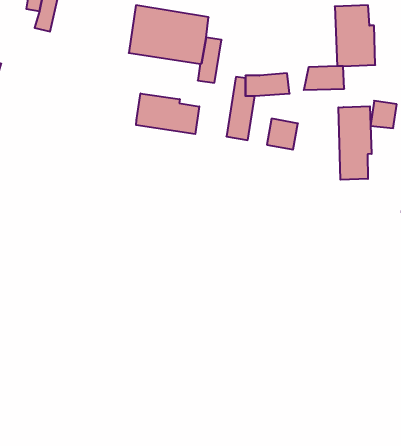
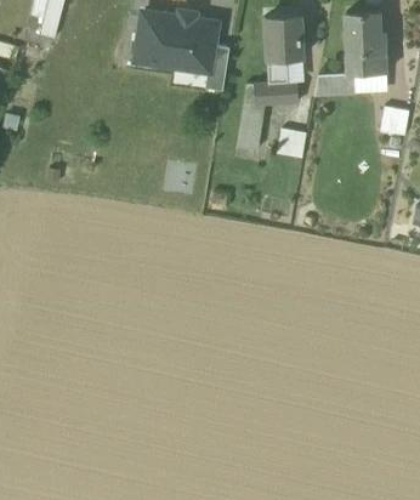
building: none -> [265,16,302,84]
building: [136,93,199,134] -> none
building: [338,106,372,180] -> none

